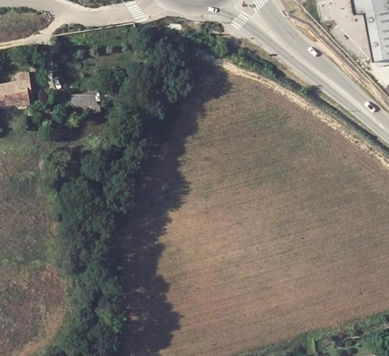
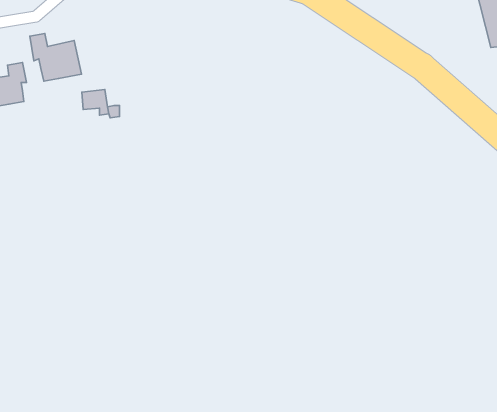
building: none -> [30,34,81,81]

